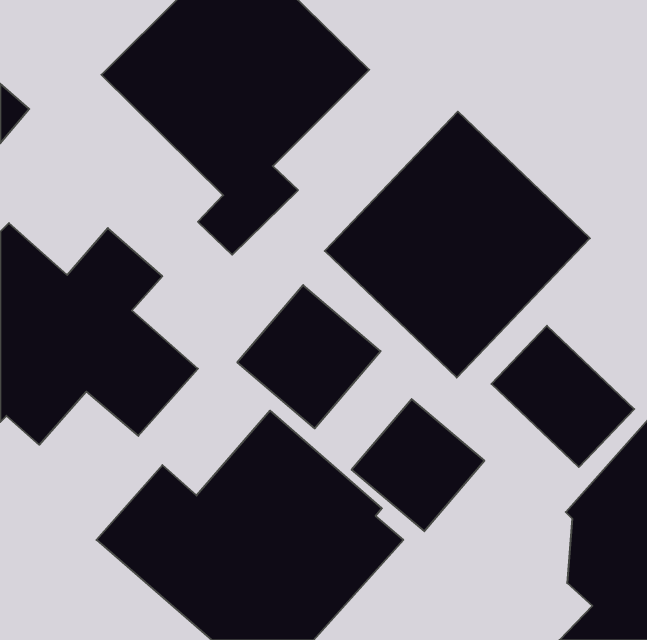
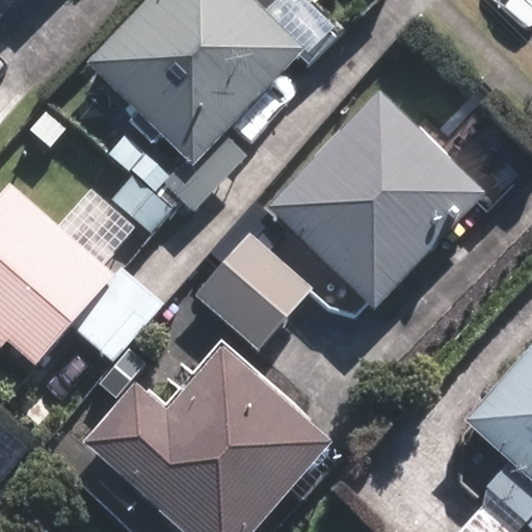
building: [491,326,634,467] -> none
building: [352,399,484,531] -> none

